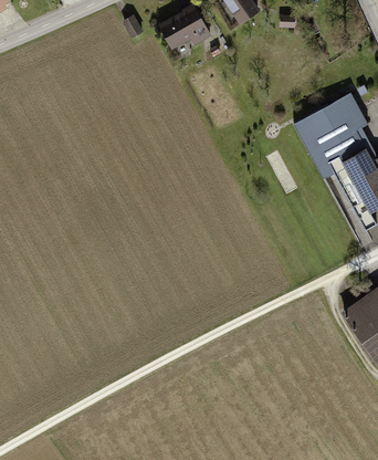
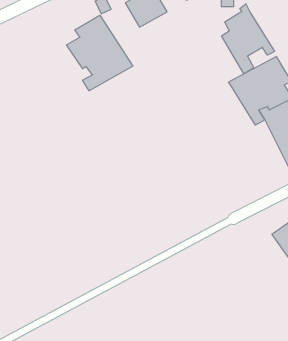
building: none -> [222,4,275,74]
building: none -> [67,15,133,91]

